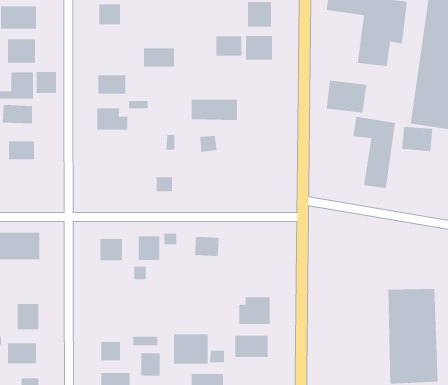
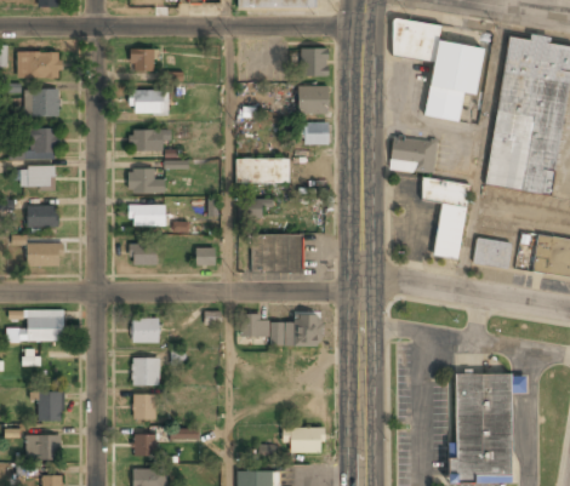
building: [215,36,242,56] -> [298,121,329,144]
building: [143,48,175,67] -> [130,91,166,113]
building: [36,71,57,94] -> none
building: [401,126,433,152] -> [473,239,509,268]
building: none -> [129,204,165,224]
building: none -> [250,233,303,271]
building: none -> [25,242,63,265]
building: none -> [129,242,155,263]
building: [138,236,160,260] -> [132,356,158,384]
building: [239,297,270,324] -> [285,313,321,344]
building: [174,333,208,364] -> none
building: [140,353,161,376] -> [132,393,155,419]

